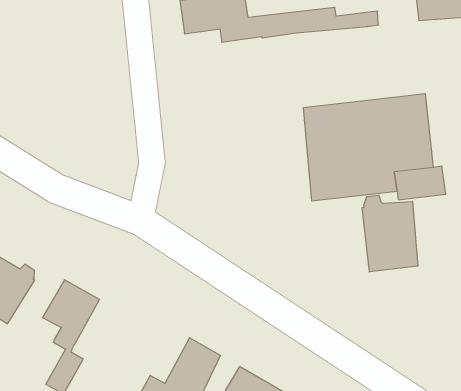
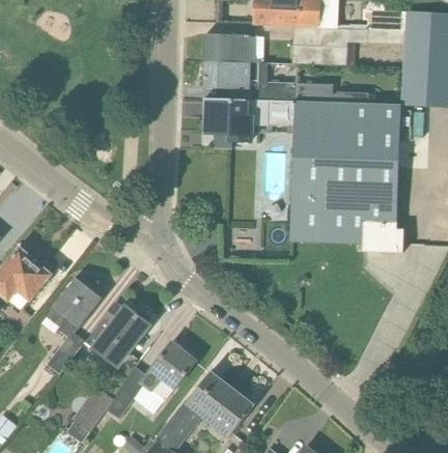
building: none -> [295,100,399,166]
building: none -> [203,98,269,146]
building: [362,195,418,272] -> none
building: none -> [84,306,149,367]

